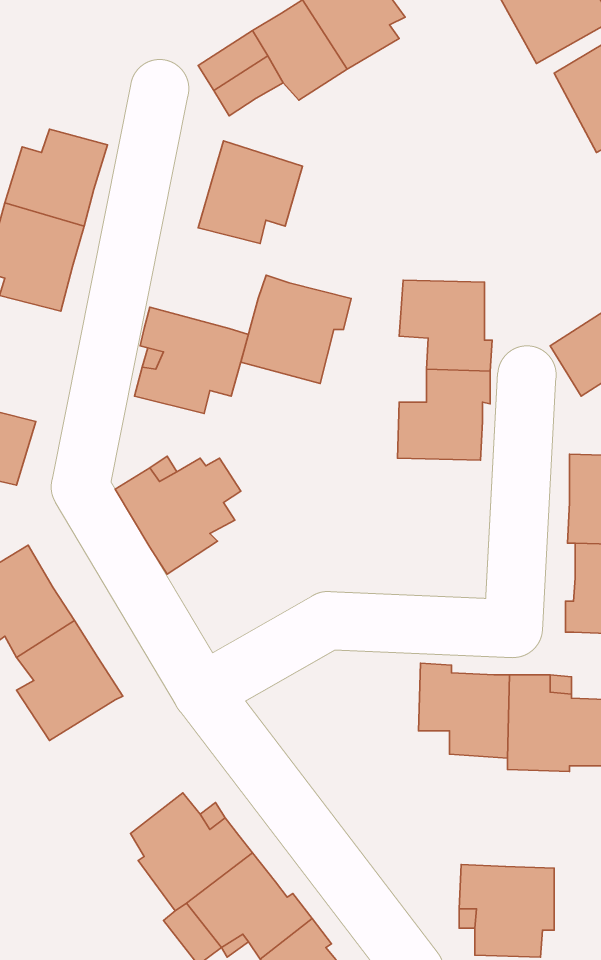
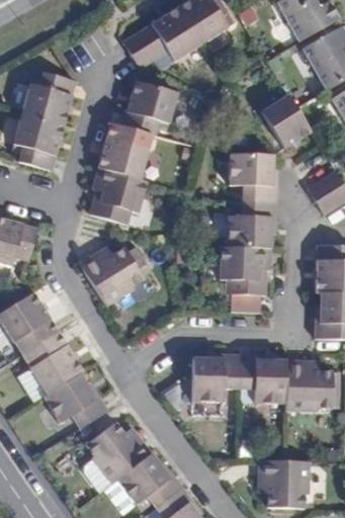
building: none -> [262,95,311,148]
building: [241,275,351,384] -> [97,122,155,179]
building: none -> [220,247,270,292]
building: none -> [190,354,239,401]
building: none -> [41,373,107,429]

